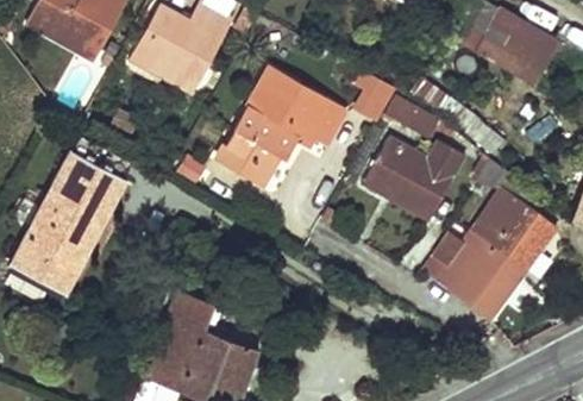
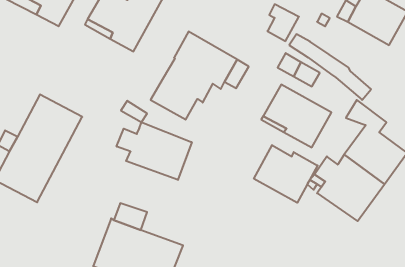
building: [353,71,395,120] -> [267,4,299,41]
building: none -> [117,122,192,180]
building: none -> [254,145,318,203]

